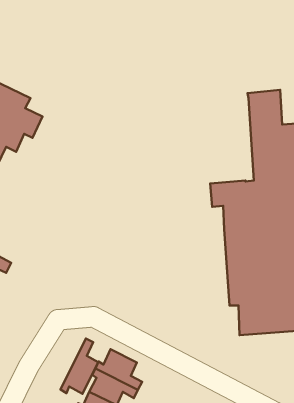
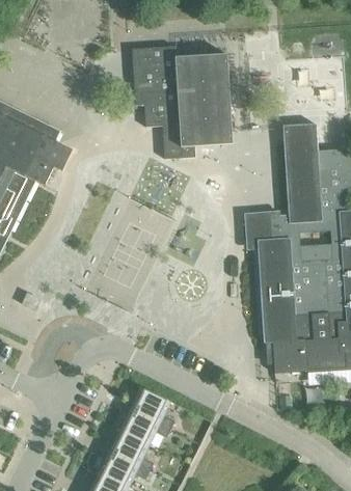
building: none -> [132,46,233,159]
building: [60,338,98,394] -> none

